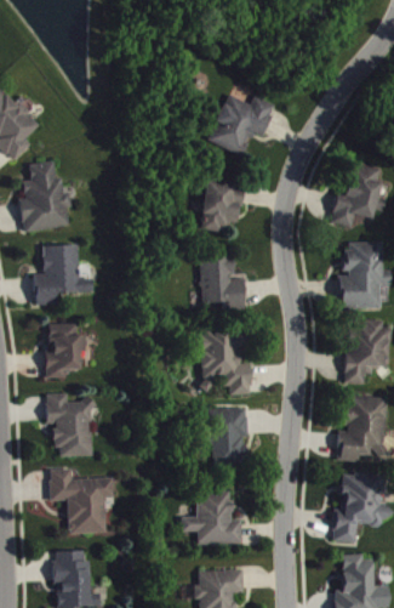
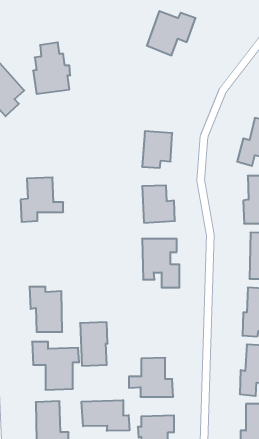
building: [209,93,275,154] -> [147,11,196,55]
building: [19,160,70,231] -> [33,42,70,94]
building: [45,323,85,377] -> none
building: [210,408,247,467] -> [80,322,108,366]
building: none -> [82,400,129,431]

